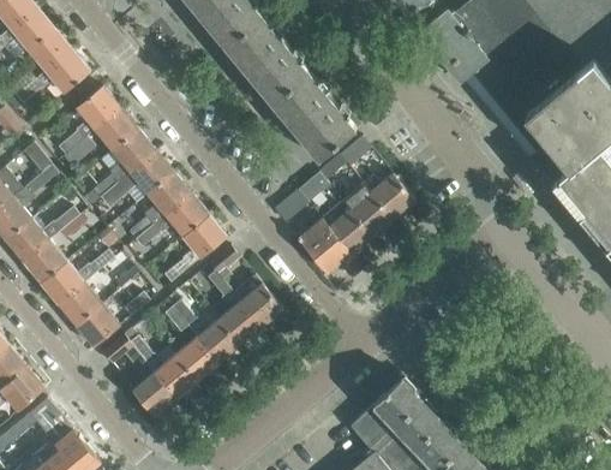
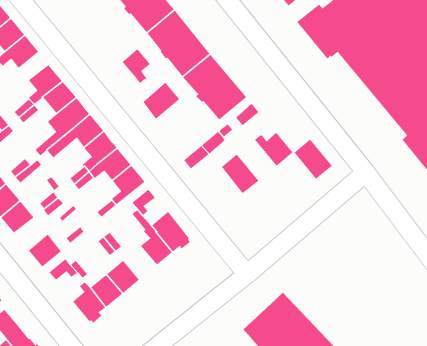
building: none -> [122,48,151,84]
building: none -> [142,82,180,120]
building: [342,183,393,236] -> [293,138,333,180]
building: [296,218,354,273] -> none
building: [58,282,101,325] -> none
building: [197,319,240,362] -> none

